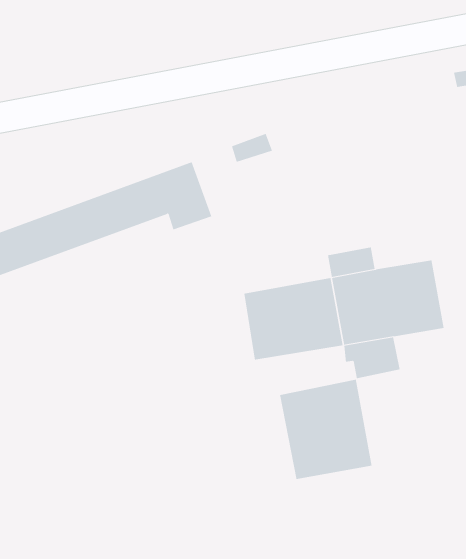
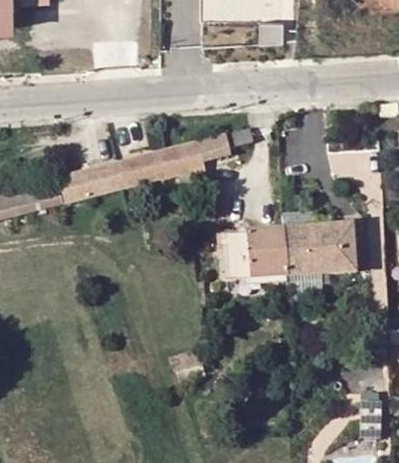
building: [279,379,372,480] -> none

